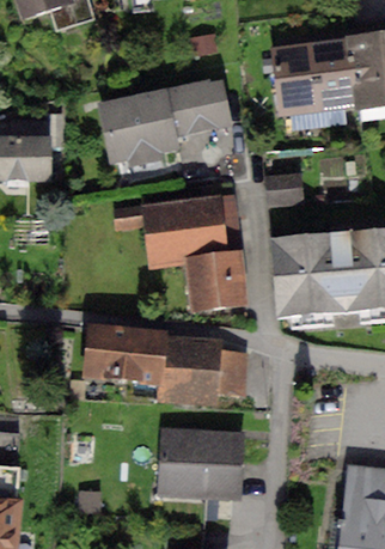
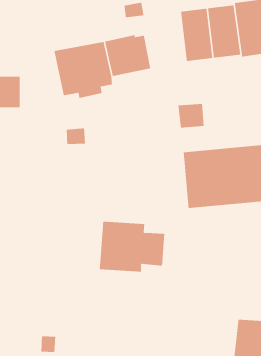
building: [143,197,248,313] -> none
building: [82,327,163,385] -> none
building: [157,429,243,500] -> none

